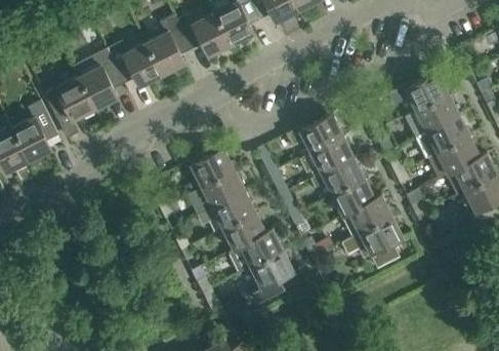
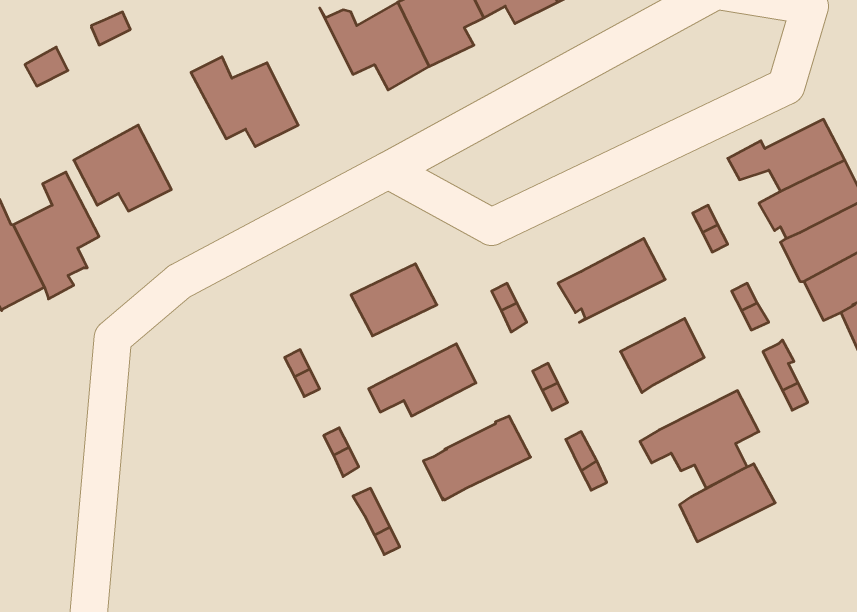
building: [145,14,191,76] -> none
building: [73,48,124,110] -> none
building: [286,114,343,153] -> none
building: [309,157,365,195] -> none
building: [188,170,245,215] -> none
building: [342,195,392,236] -> [680,464,775,542]
building: [221,211,265,250] -> none
building: [250,250,294,305] -> none

